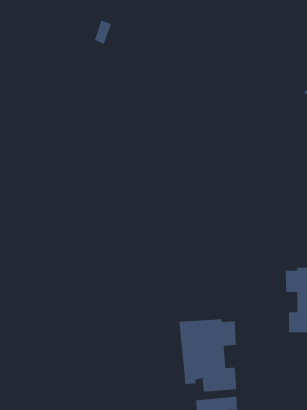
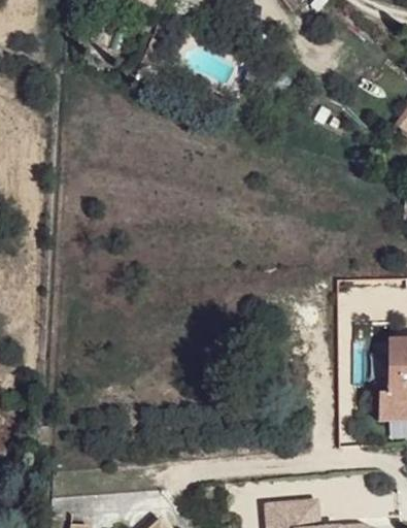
building: [179,319,237,393] -> none

